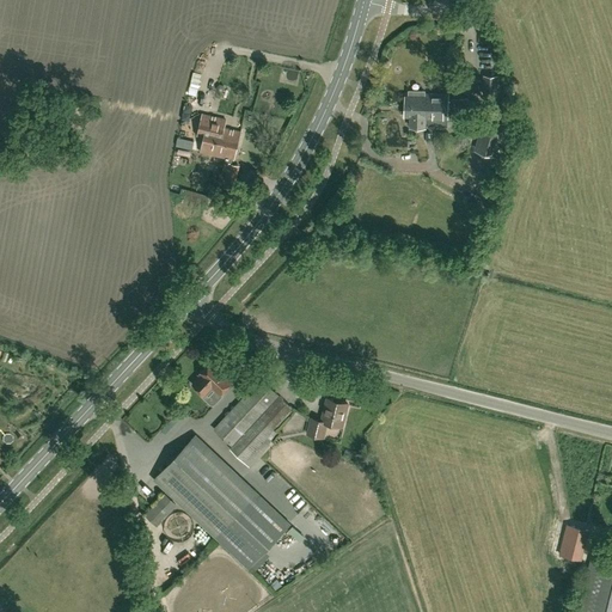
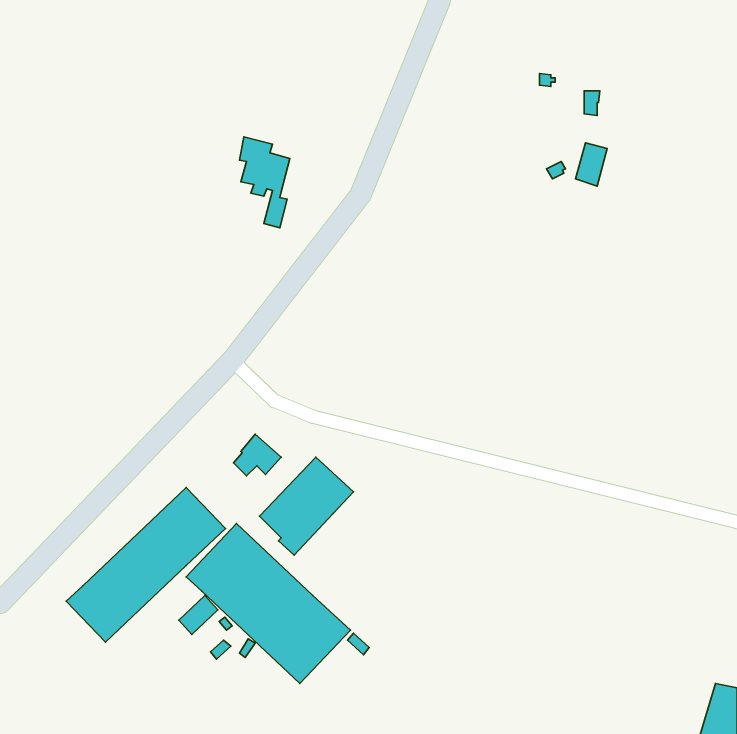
building: [405,92,470,129] -> none
building: [307,400,348,439] -> none
building: none -> [66,488,226,642]
building: [559,524,586,556] -> none

